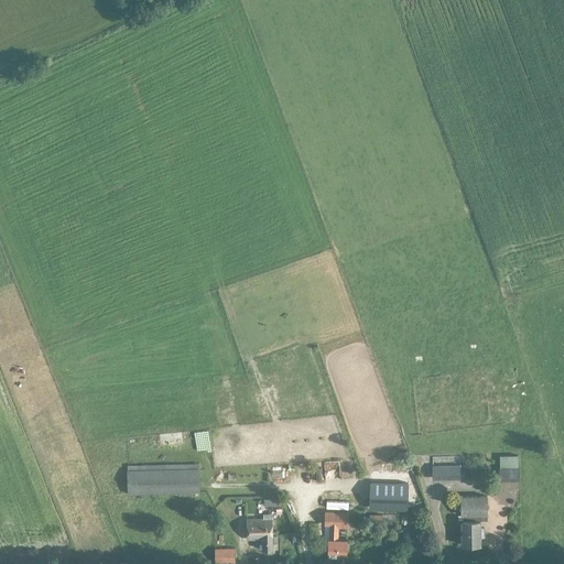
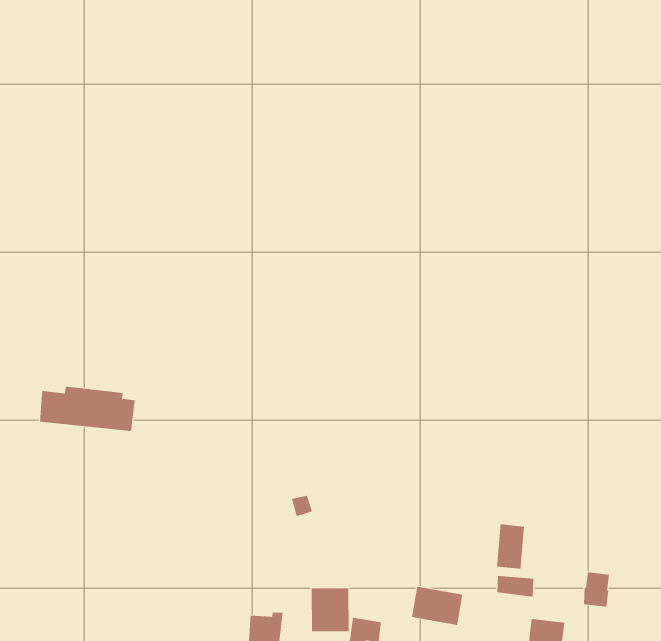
building: none -> [497,524,524,570]
building: [127,465,199,495] -> [39,386,136,431]
building: none -> [311,587,349,632]

